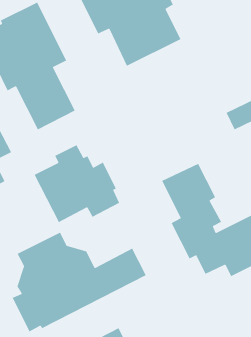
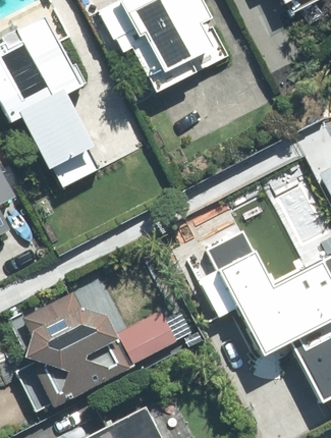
building: [34,144,120,223] -> none

